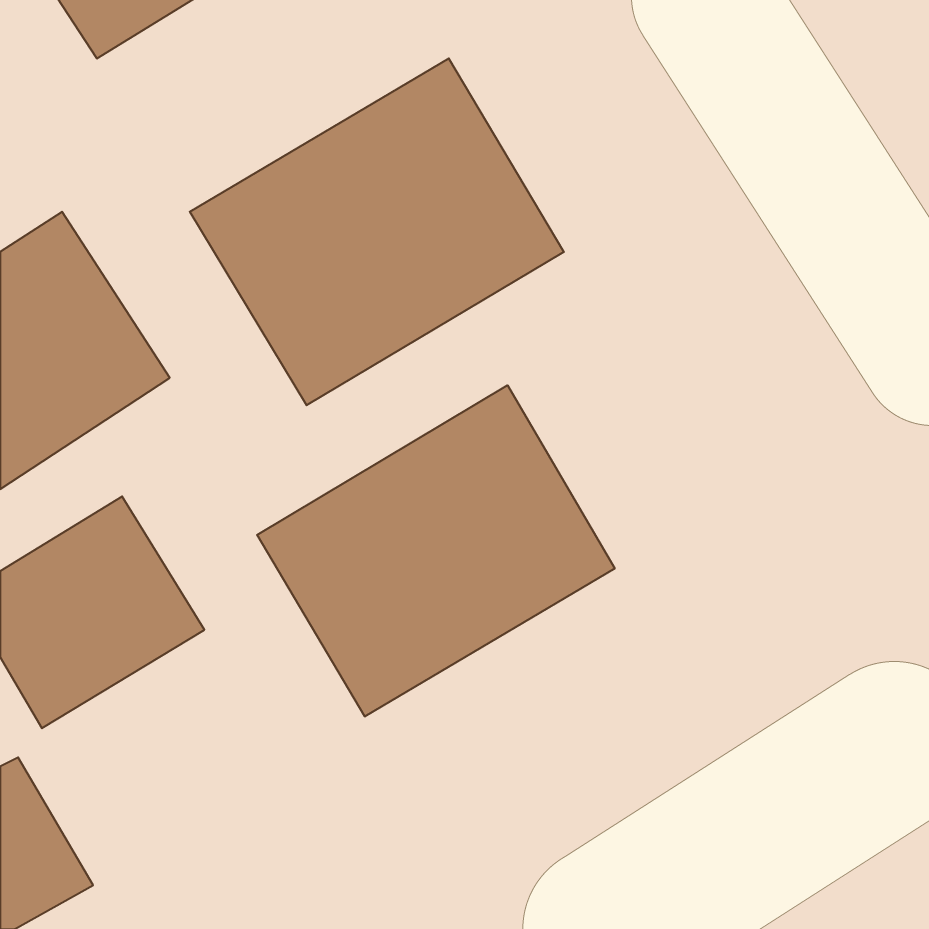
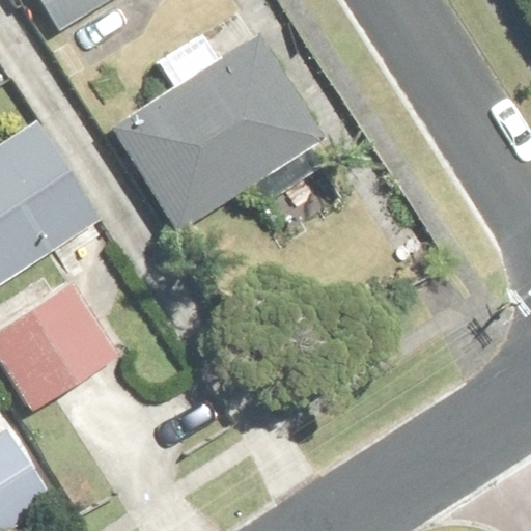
building: [257,385,615,717] -> none

